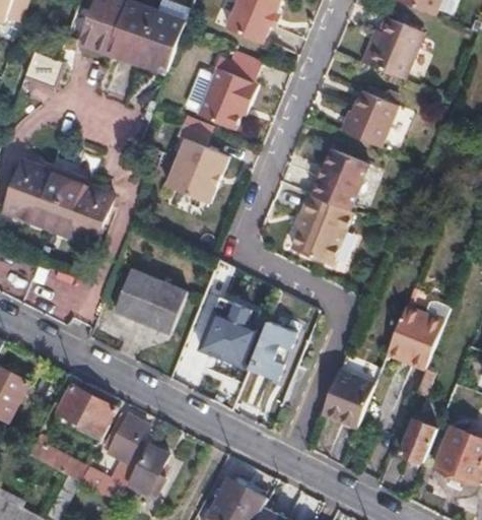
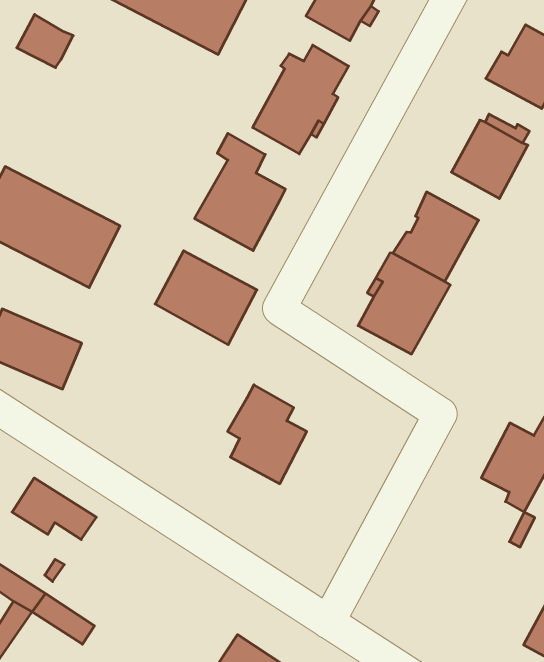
building: [113,270,185,334] -> [155,251,257,345]
building: [248,321,295,380] -> none
building: [321,370,374,427] -> none
building: [109,414,147,462] -> none
building: [399,419,434,462] -> none
building: [117,446,166,505] -> none

